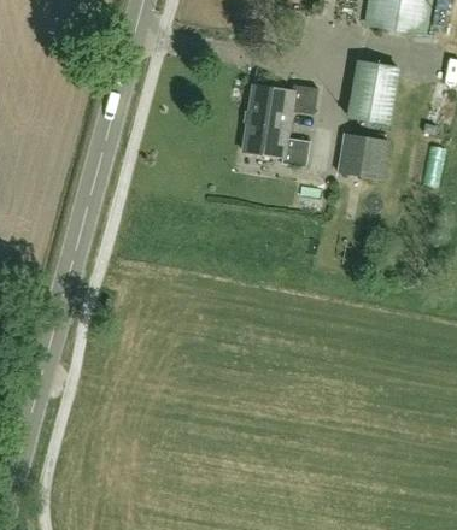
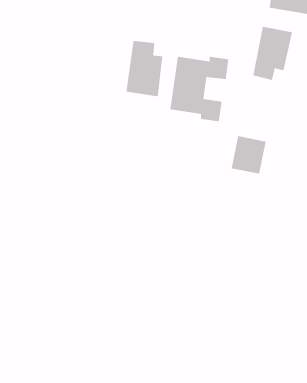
building: none -> [126,40,163,97]
building: [345,117,389,165] -> [231,136,267,174]

